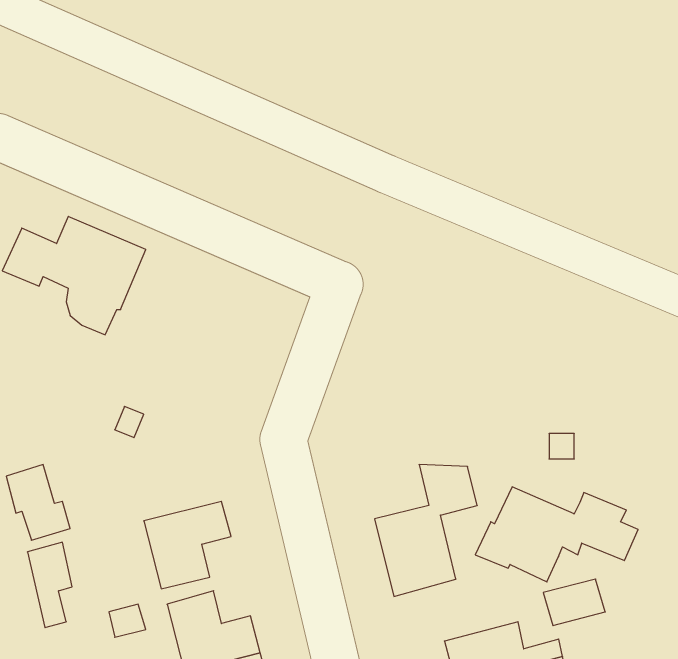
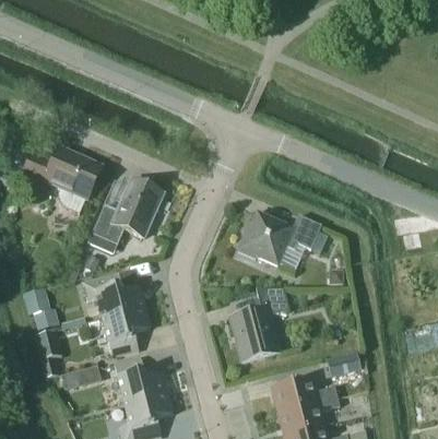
building: none -> [93,179,164,245]
building: none -> [83,273,145,319]
building: [475,487,638,582] -> [237,212,329,265]

